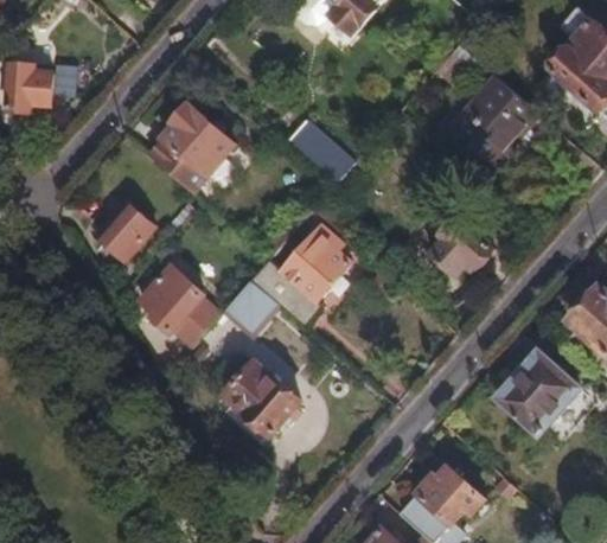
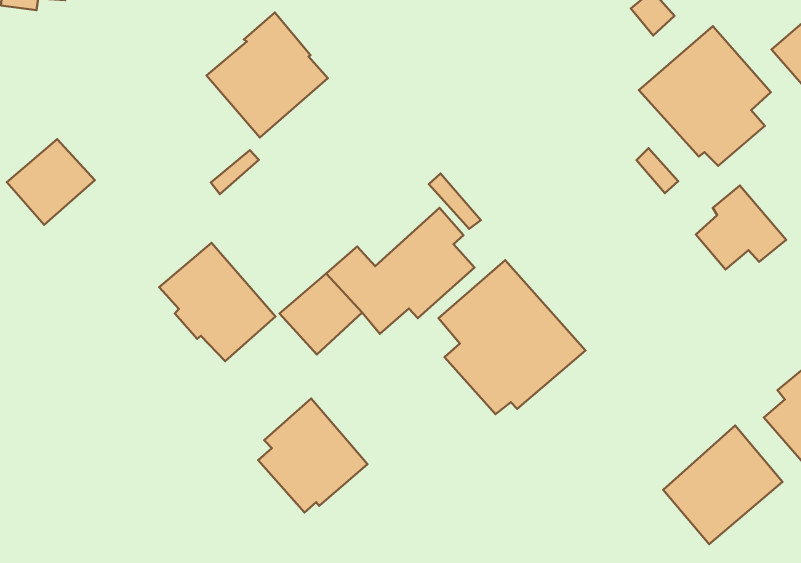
building: [294,119,356,179] -> none
building: [92,199,153,260] -> [7,139,95,225]
building: [432,215,494,274] -> [696,186,786,269]
building: none -> [439,260,585,414]

